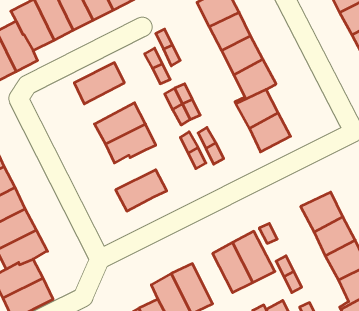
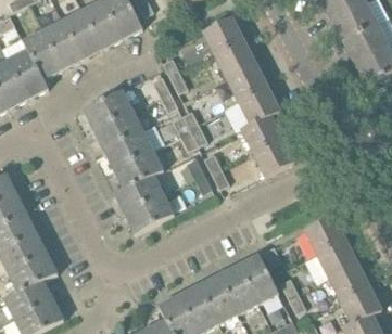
building: none -> [93,110,142,150]
building: none -> [114,175,163,214]
building: none -> [199,275,238,324]

